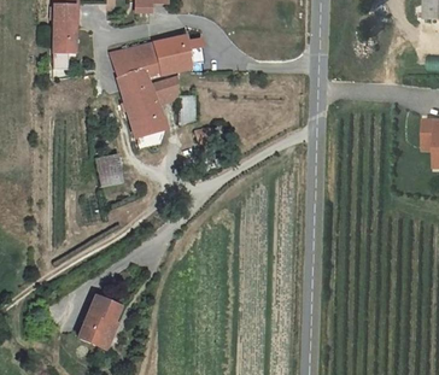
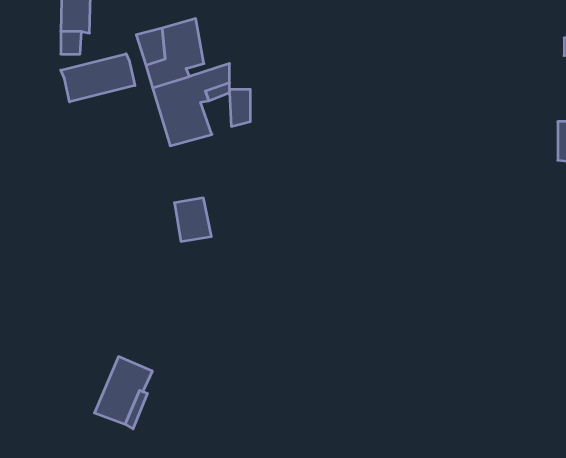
building: [153,36,191,76] -> none
building: none -> [61,54,135,102]
building: [94,154,122,187] -> [174,198,211,241]

